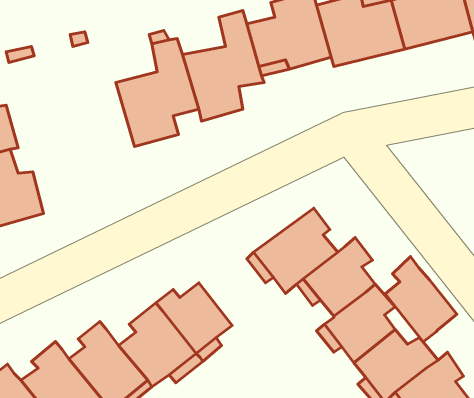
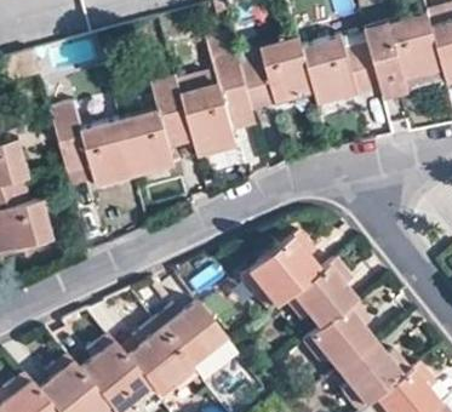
building: none -> [51,101,137,187]
building: [385,257,457,342] -> none

